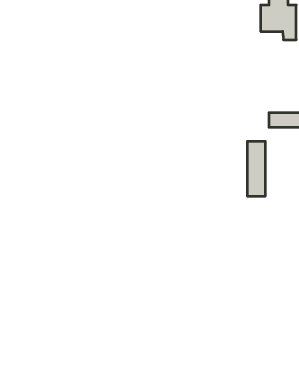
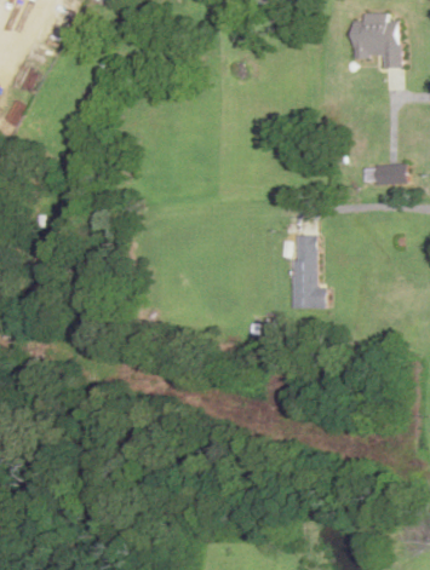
building: [247,141,265,196] -> [293,235,317,307]

